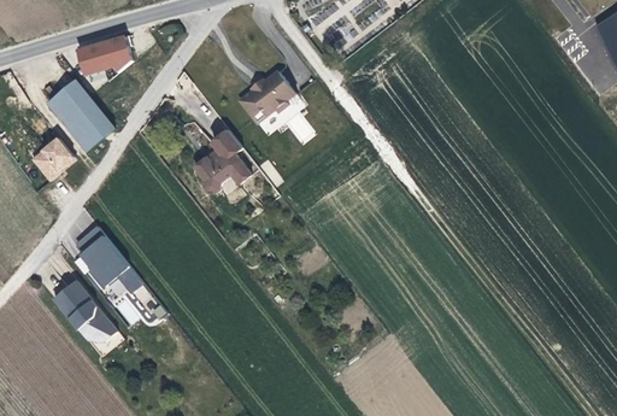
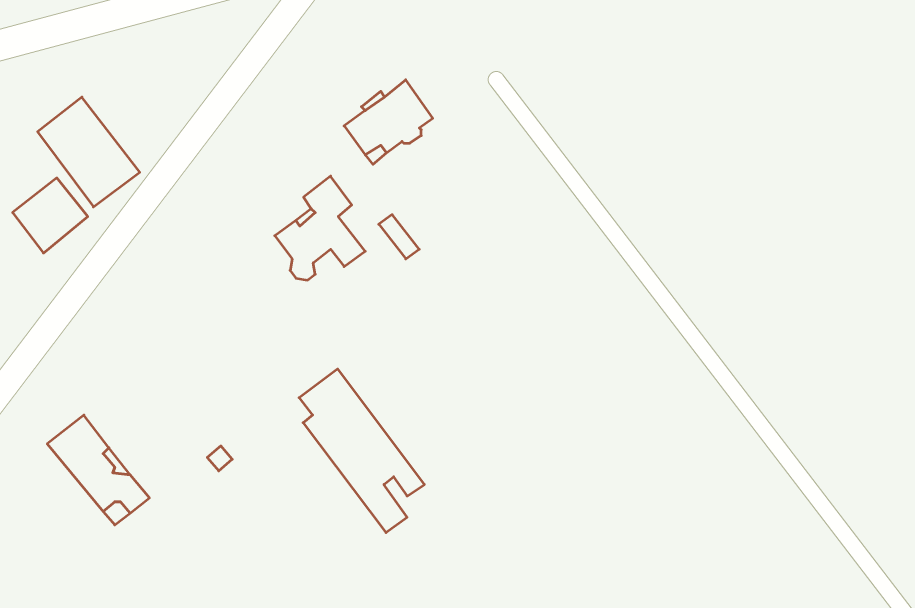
building: [76,31,135,72] -> none
building: [76,221,154,323] -> [299,369,424,533]

